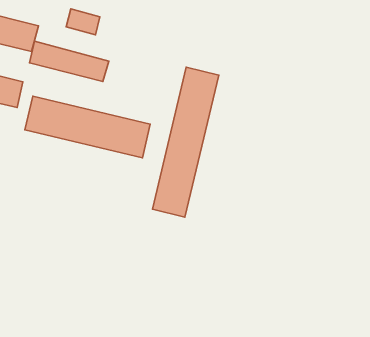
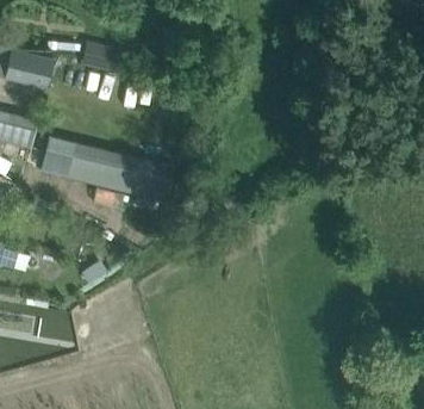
building: [29,41,109,81] -> none
building: [152,67,219,217] -> none

